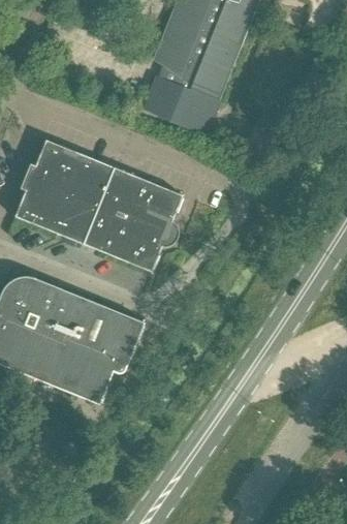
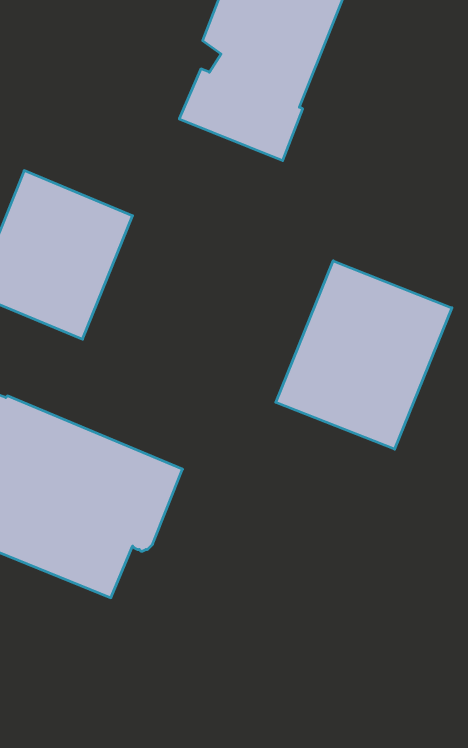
building: [83,167,183,272] -> none
building: none -> [276,261,452,449]

